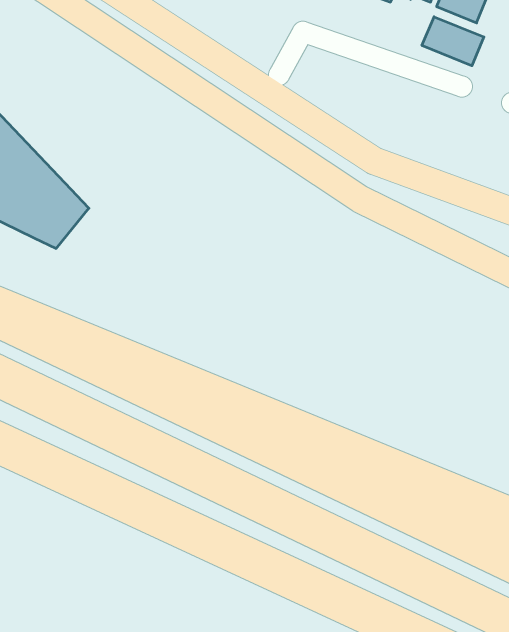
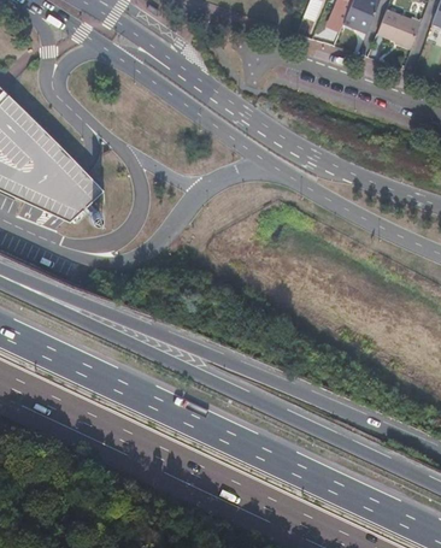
building: [422,17,484,66] -> none

